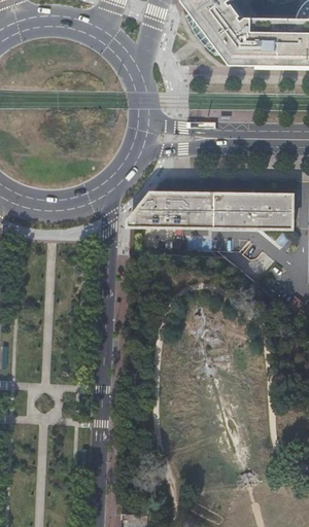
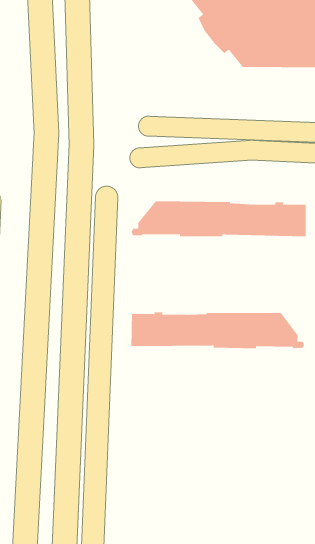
building: none -> [131,311,304,349]

